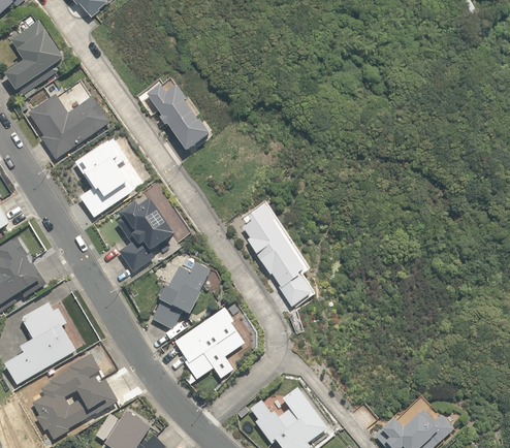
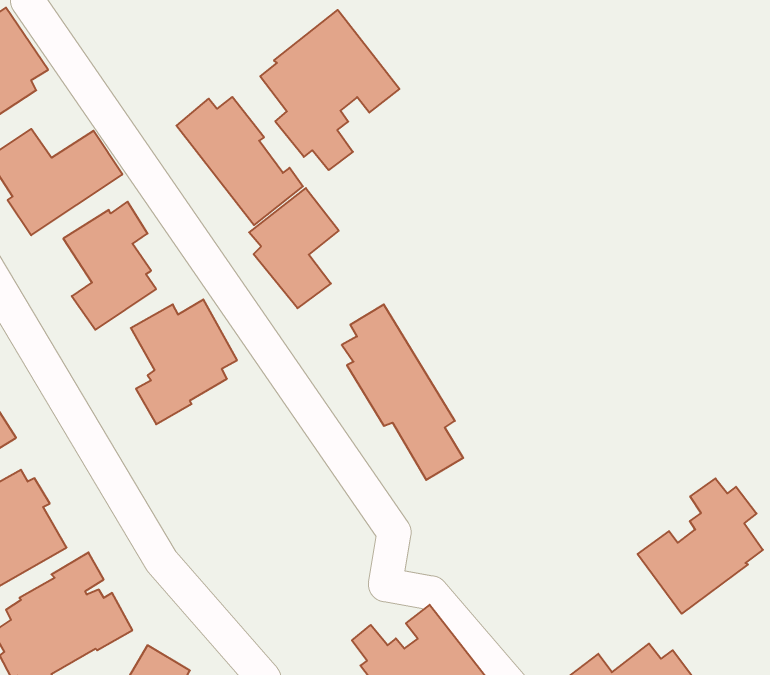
building: none -> [260,10,399,170]
building: none -> [249,188,339,308]
building: [151,262,210,329] -> none
building: [172,308,243,380] -> none
building: none -> [638,478,763,614]

